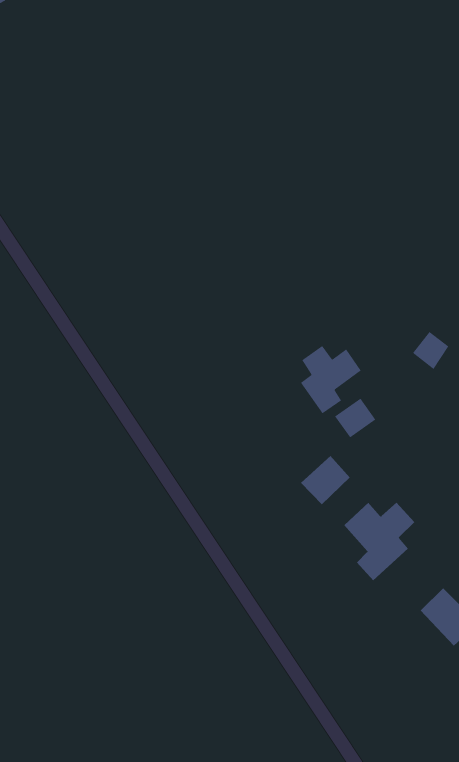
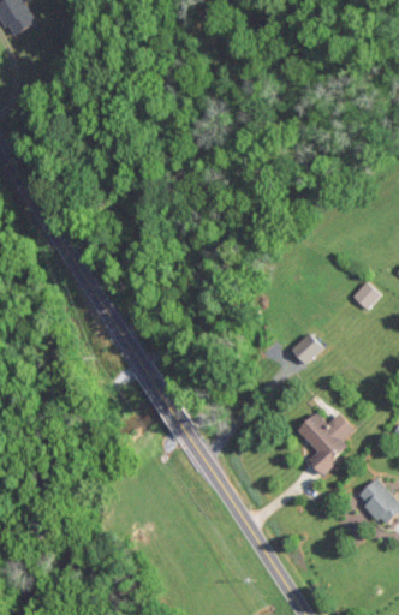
building: [300,345,362,414] -> none
building: [300,455,351,505] -> none

